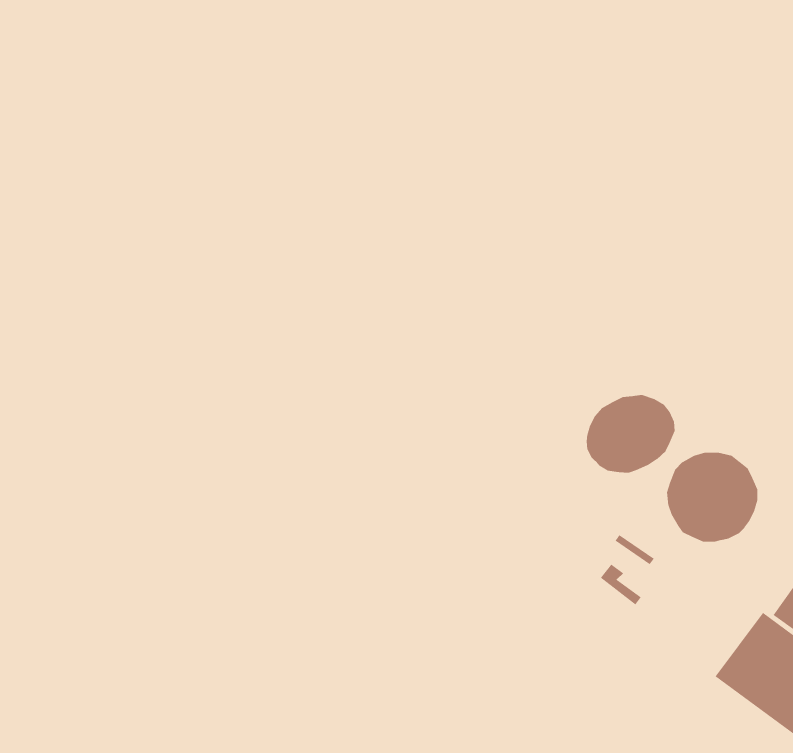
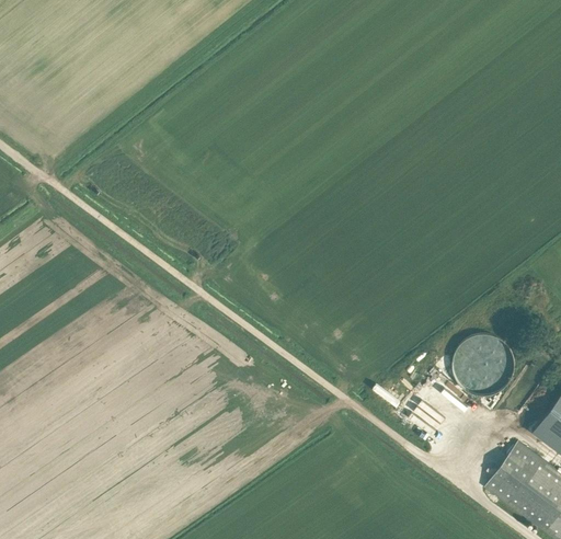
building: [586,394,675,474] -> none

